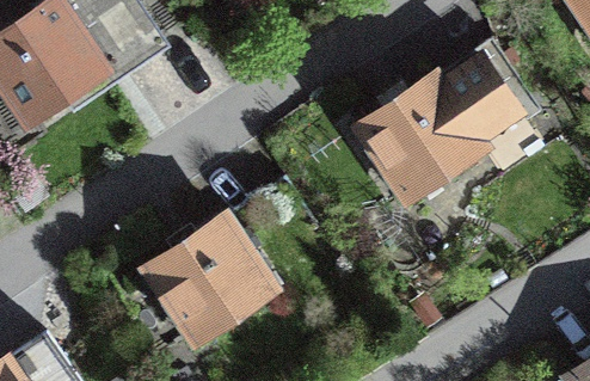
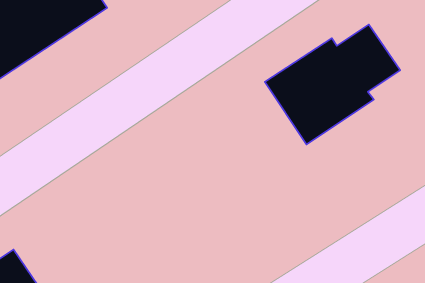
building: [145,216,275,345] -> none

